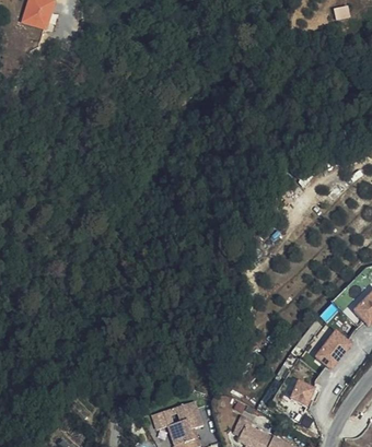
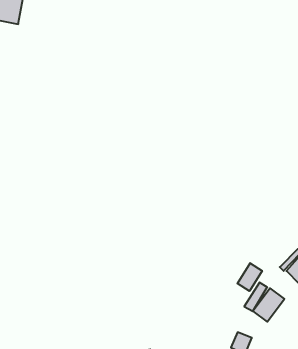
building: none -> [237,263,262,291]

